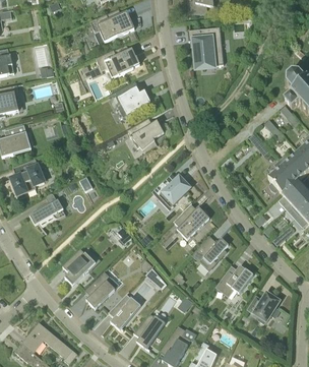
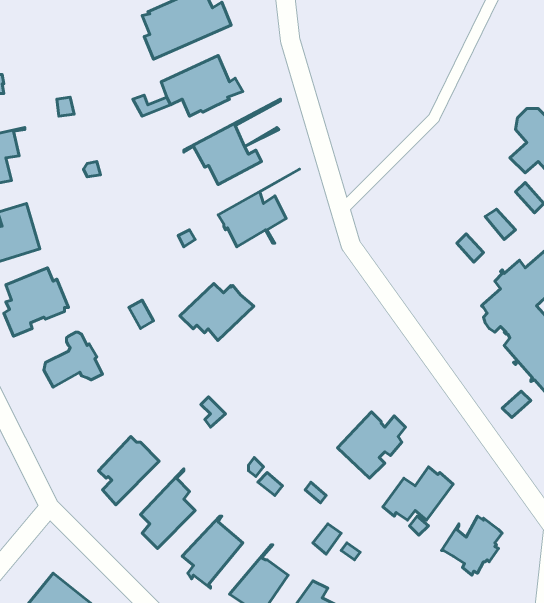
building: [187,26,224,66] -> none
building: [151,175,191,205] -> [180,283,254,340]
building: [174,203,209,238] -> none

